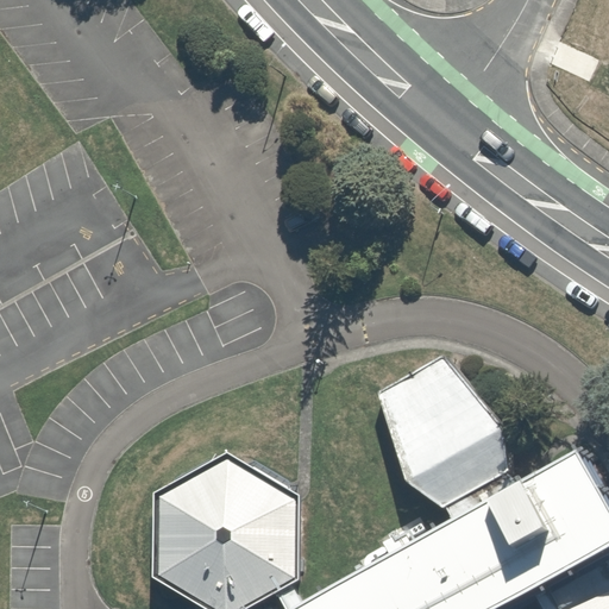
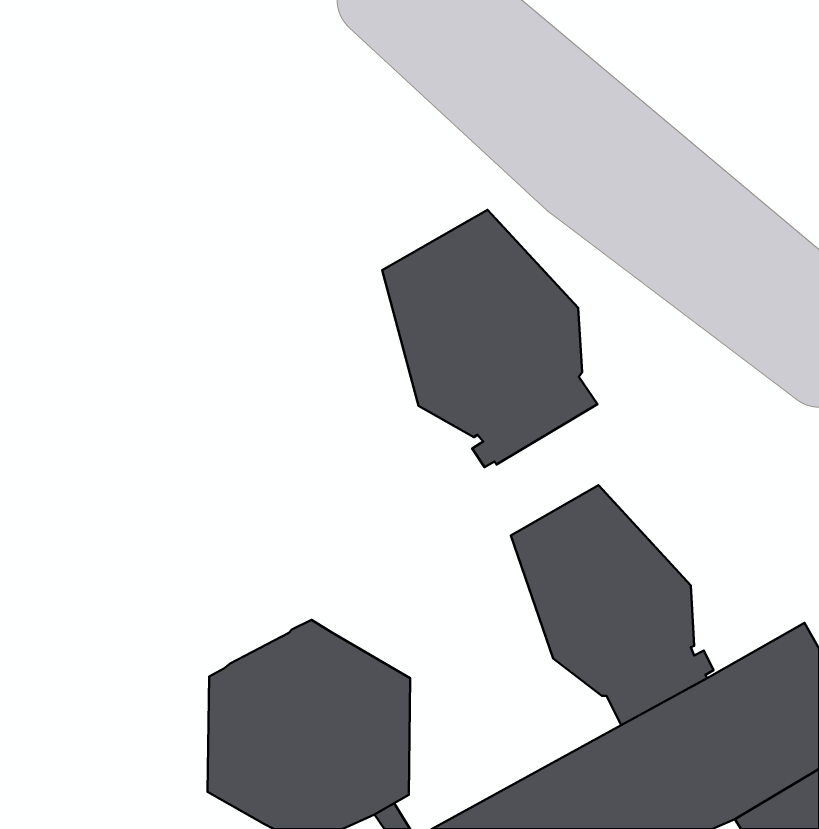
building: none -> [382,210,597,467]

